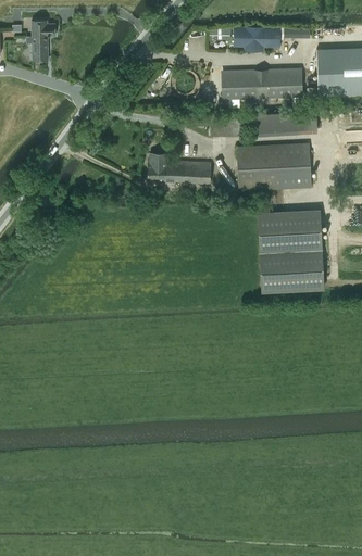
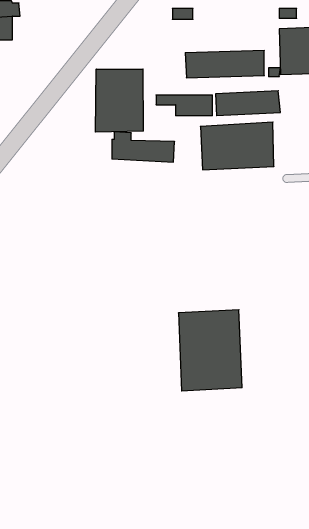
building: [235,27,278,49] -> none
building: none -> [96,69,143,132]
building: [259,210,323,291] -> [178,310,242,391]

